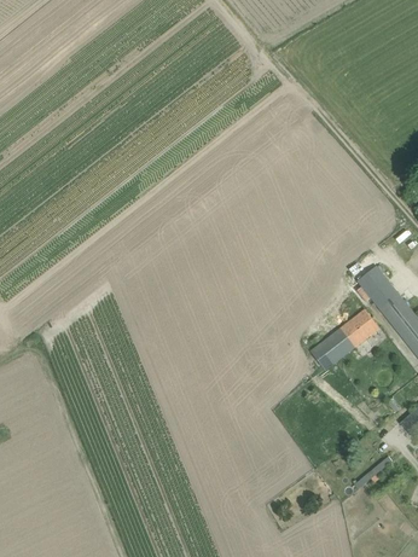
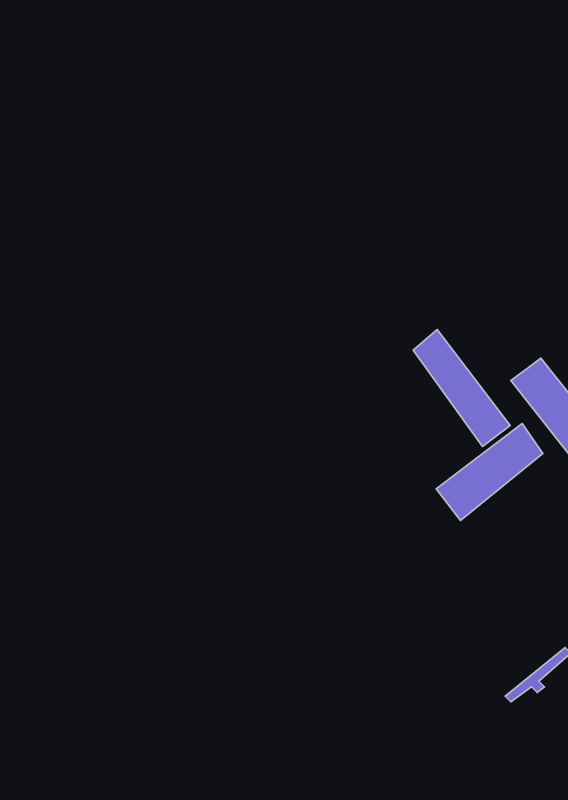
building: none -> [413,329,510,447]

